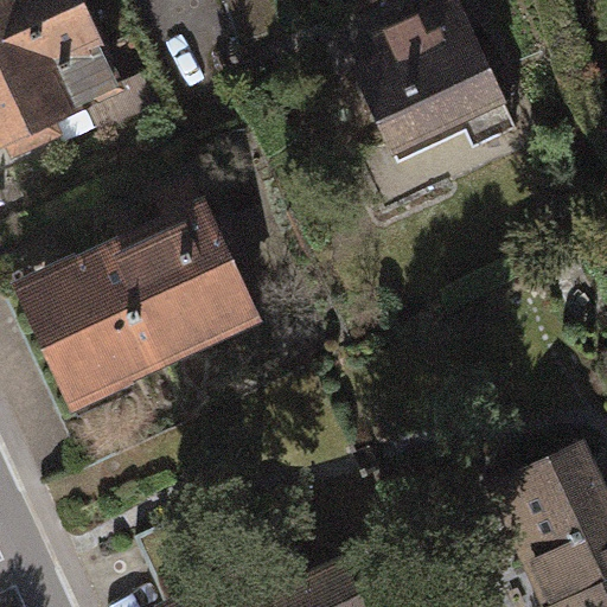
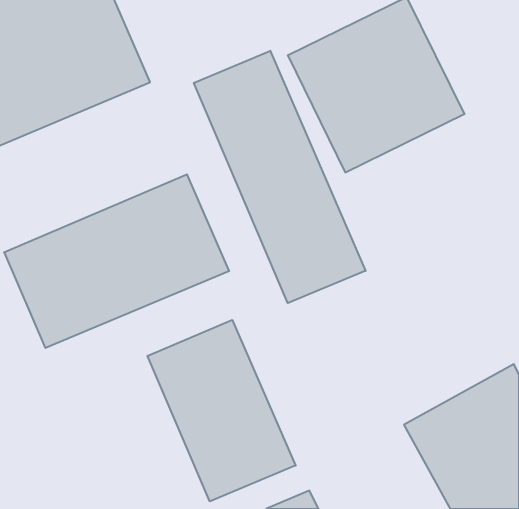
building: none -> [194,51,366,303]
building: none -> [148,320,296,501]

